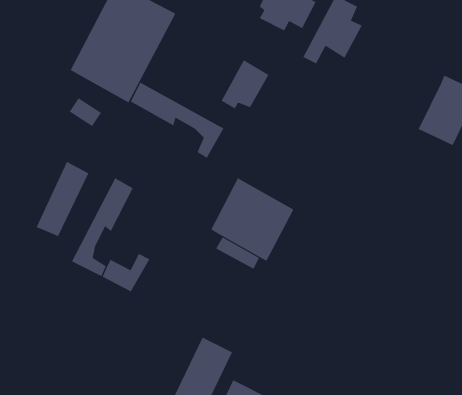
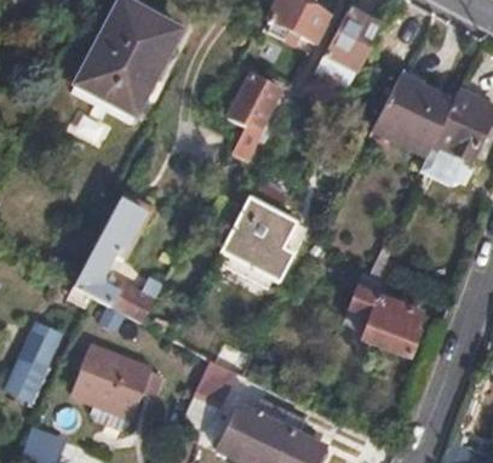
building: none -> [374,76,454,154]
building: [130,82,224,159] -> none
building: [36,161,89,237] -> [7,320,62,398]
building: none -> [351,271,420,359]
building: none -> [74,341,154,408]

